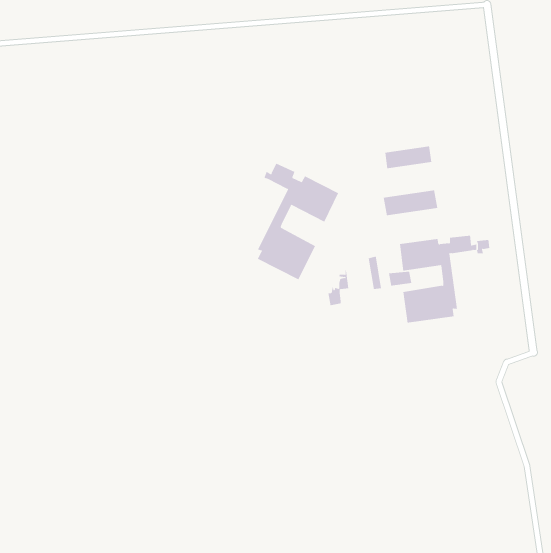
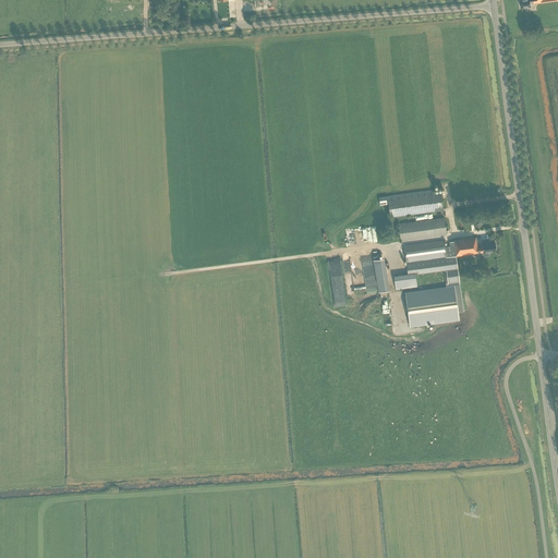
building: [384,146,432,169] -> [396,217,444,240]
building: [257,163,339,280] -> none

